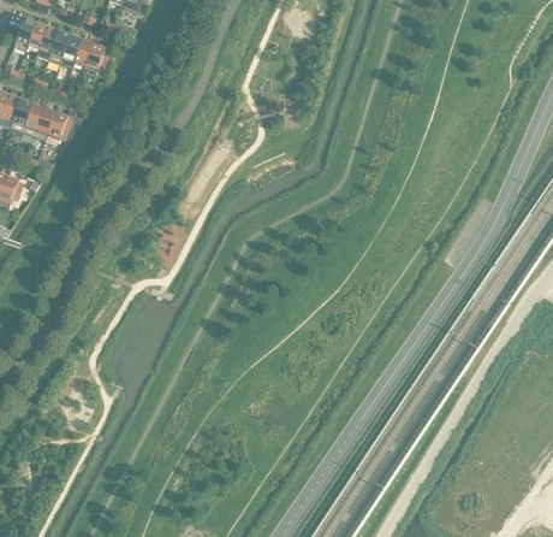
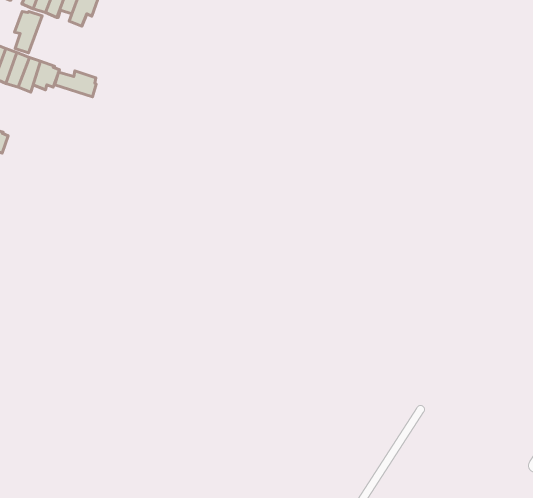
building: none -> [15,11,42,53]
building: none -> [55,71,96,97]

